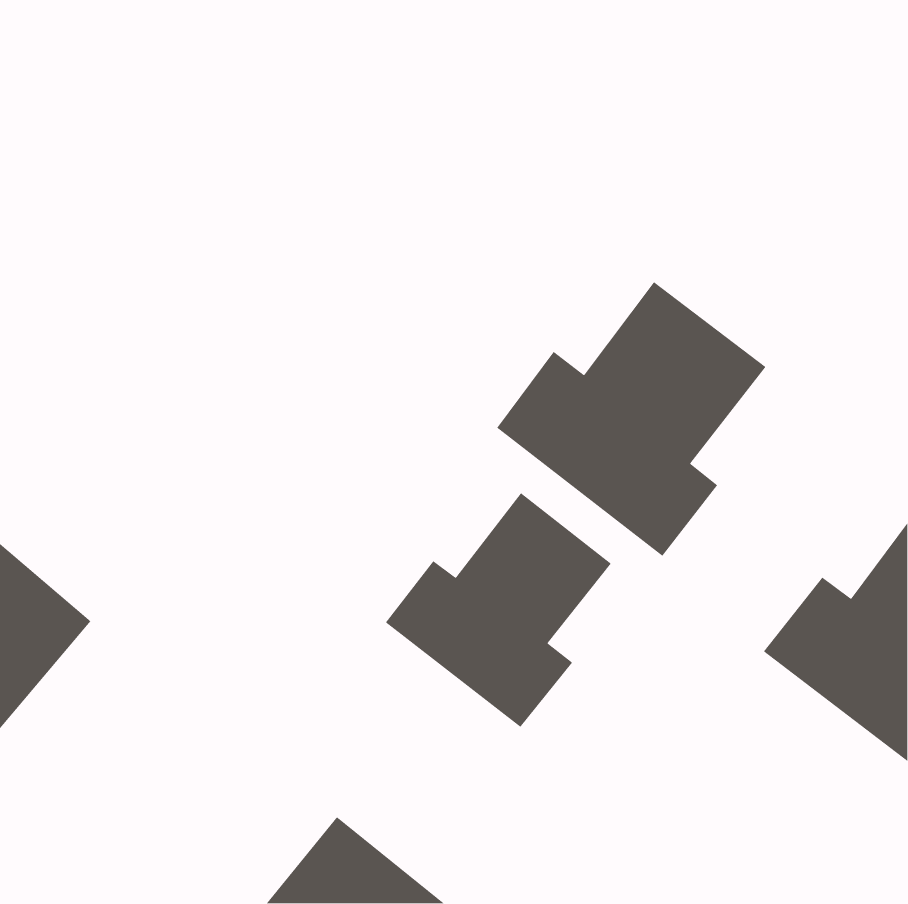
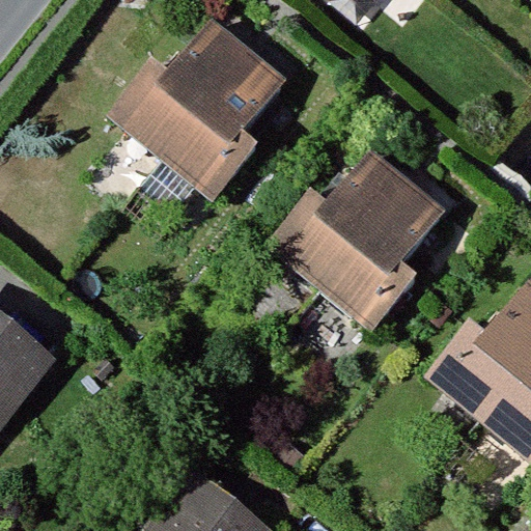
building: none -> [122,29,279,188]
building: [385,492,612,728] -> none

